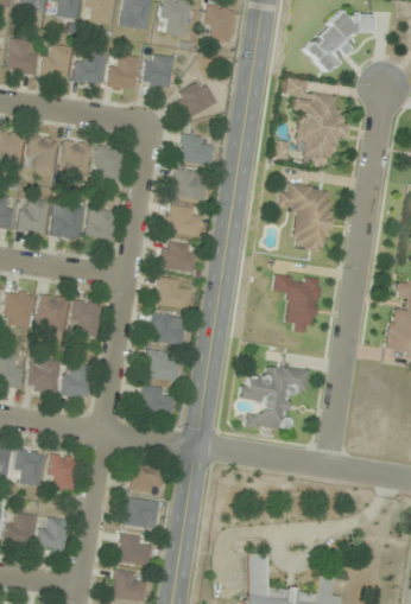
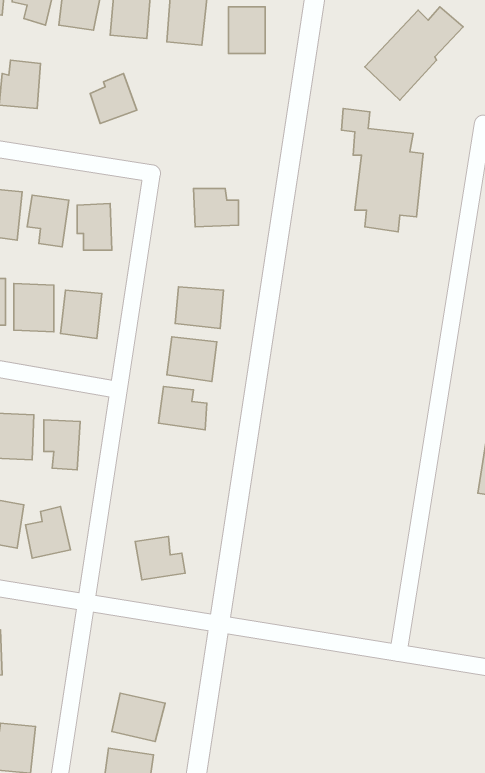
building: [74,51,105,87] -> none
building: [143,53,173,90] -> none
building: [175,80,216,119] -> none
building: [171,170,206,201] -> none
building: [277,184,331,253] -> none
building: [271,273,318,333] -> none
building: [150,314,184,344] -> none
building: [144,351,177,380] -> none
building: [240,367,306,431] -> none
building: [46,454,75,490] -> none
building: [132,465,162,491] -> none

